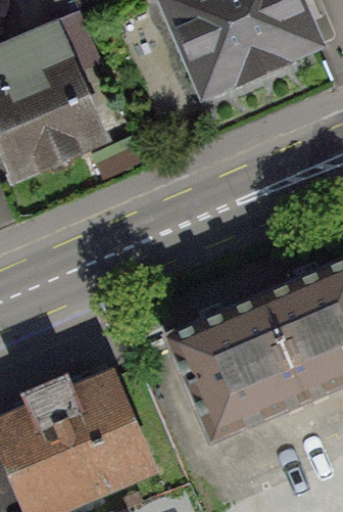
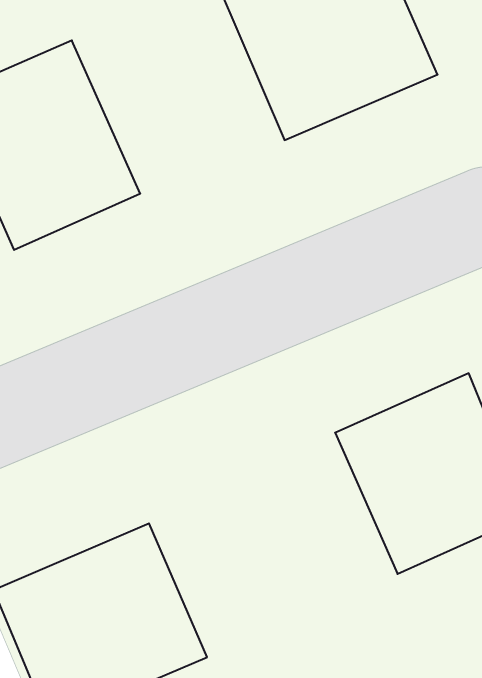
building: [148,306,283,443] -> none

